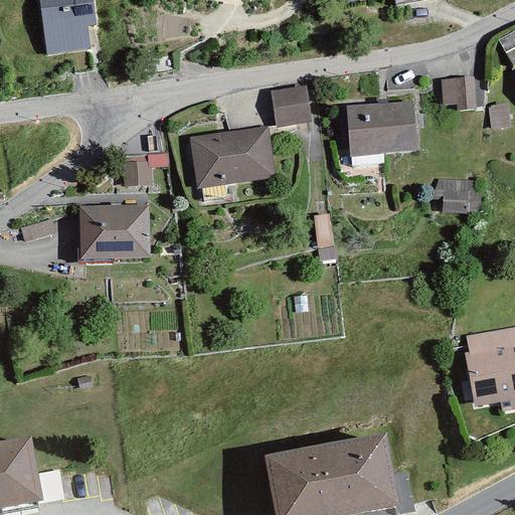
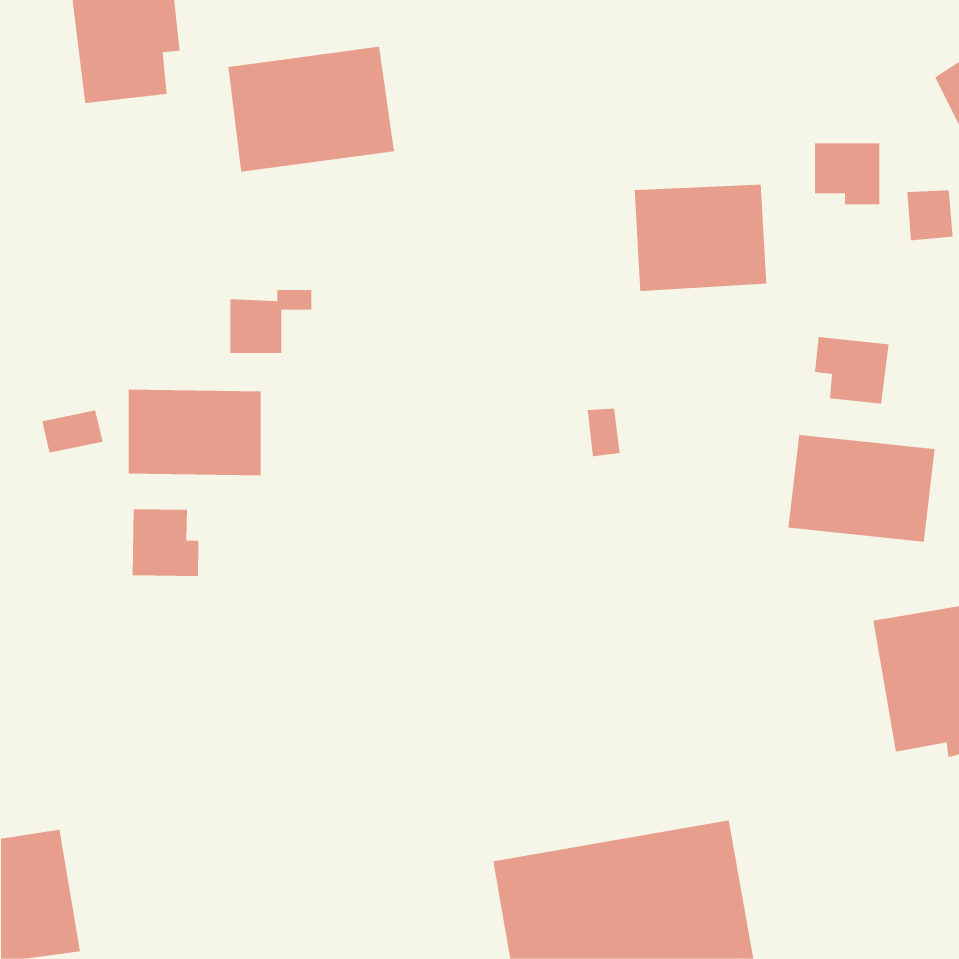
building: [272,85,314,131] -> none
building: [181,123,271,190] -> [227,46,395,172]
building: none -> [788,434,935,542]
building: none -> [132,508,199,577]

